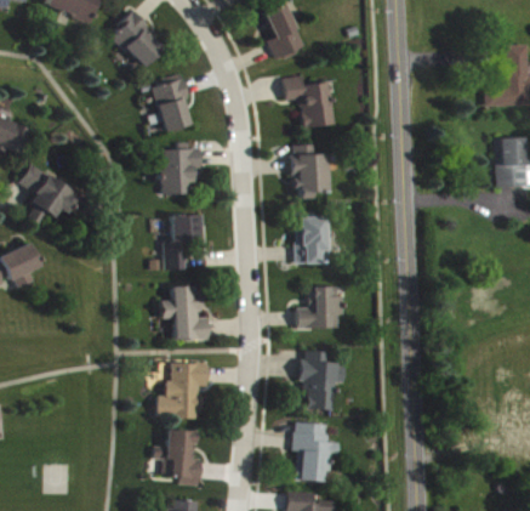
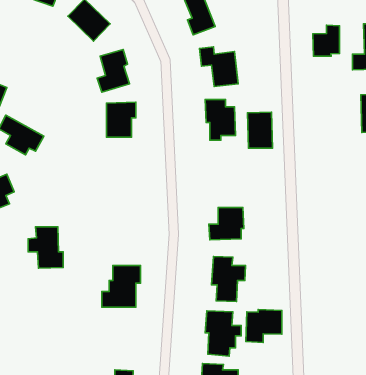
building: none -> [313,25,339,56]
building: [164,215,204,269] -> none
building: [295,216,327,263] -> [248,112,273,148]
building: [161,285,207,340] -> [28,227,63,268]
building: none -> [246,309,282,343]
building: [153,430,200,486] -> none

